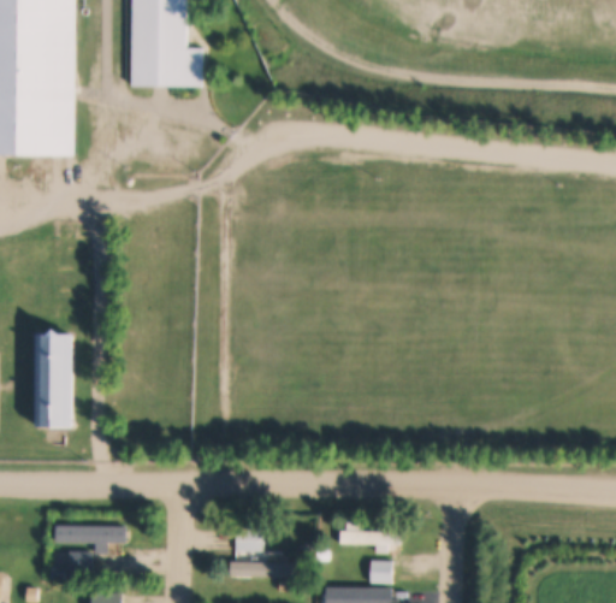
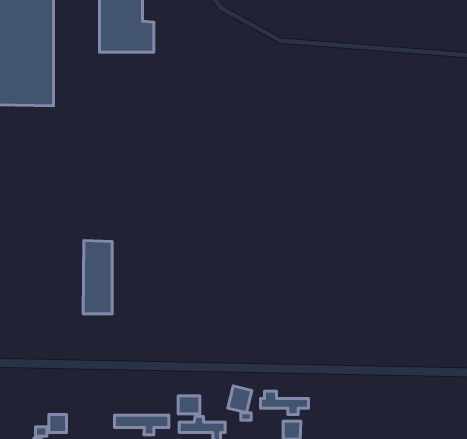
building: [36,333,73,427] -> [83,241,112,314]
building: none -> [228,386,252,413]
building: [54,526,124,551] -> [115,415,169,435]

